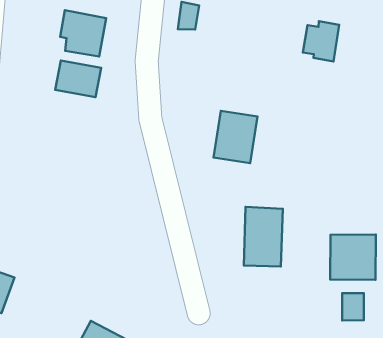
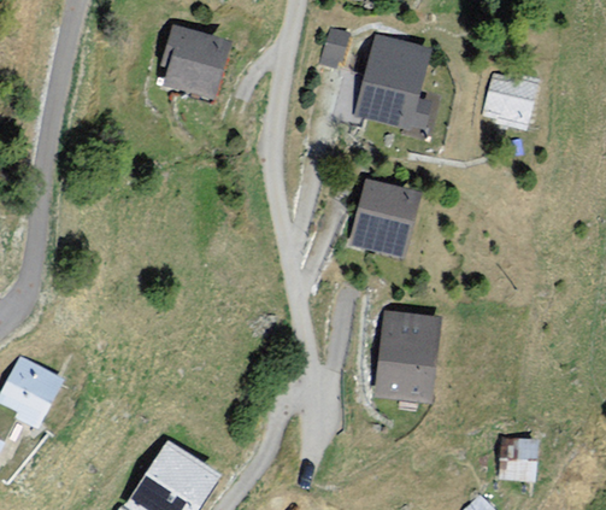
building: none -> [358,36,428,125]
building: [55,60,101,97] -> none
building: [330,235,376,280] -> none

